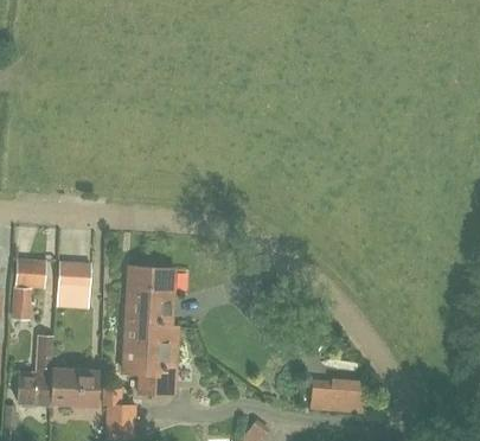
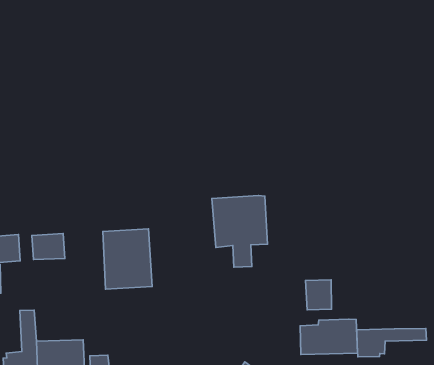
building: [123,324,177,395] -> [212,196,268,267]
building: none -> [305,280,332,310]
building: none -> [357,329,426,357]

